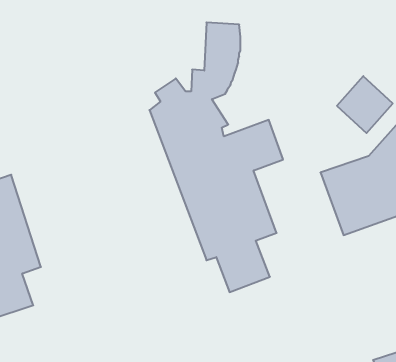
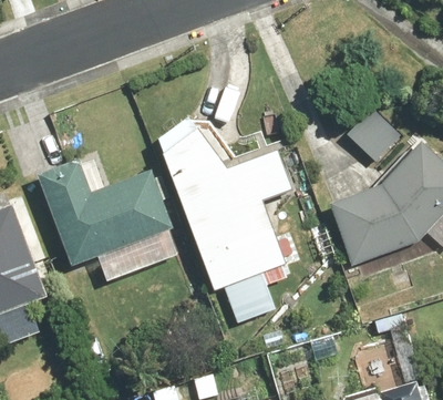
building: none -> [34,155,179,285]

